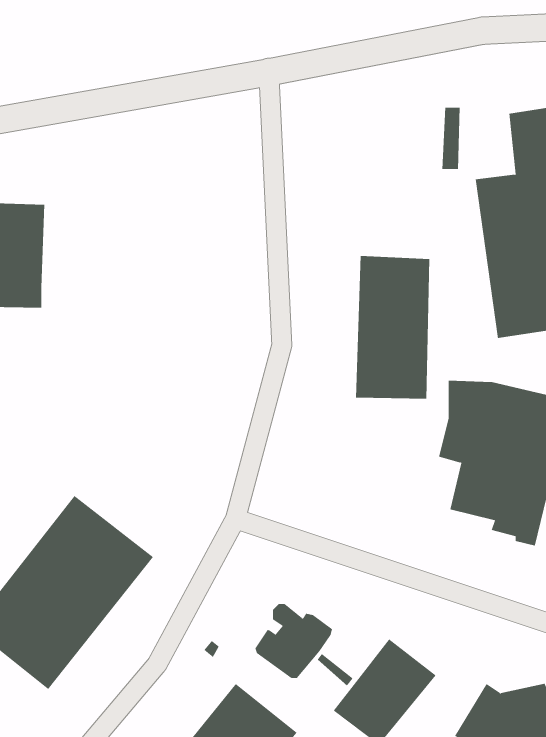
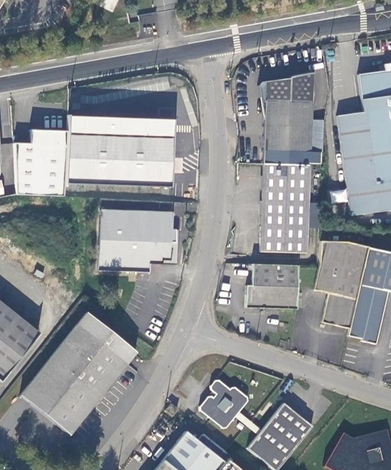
building: none -> [258,71,325,151]
building: none -> [66,115,171,186]
building: none -> [99,207,176,269]
building: none -> [246,262,300,308]

